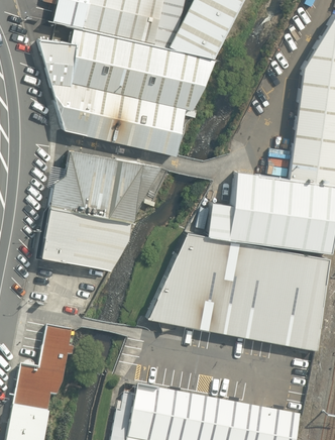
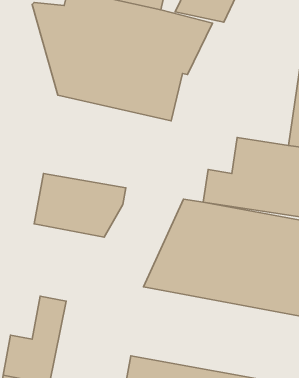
building: [49,149,161,221] -> none

